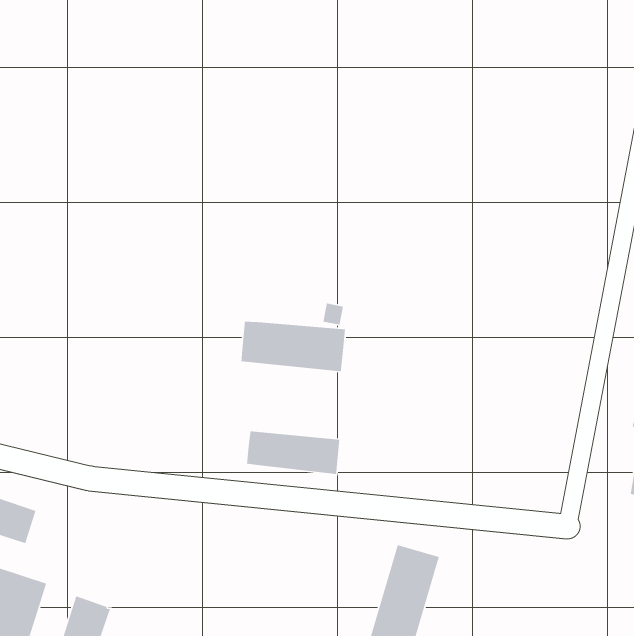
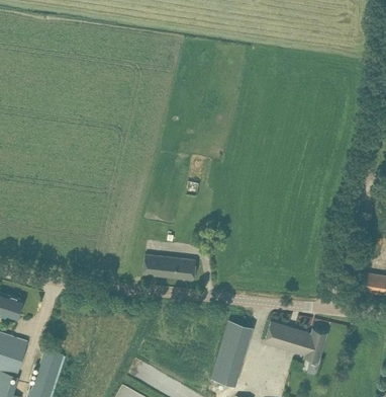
building: [240,321,346,372] -> none
building: none -> [264,321,326,363]

